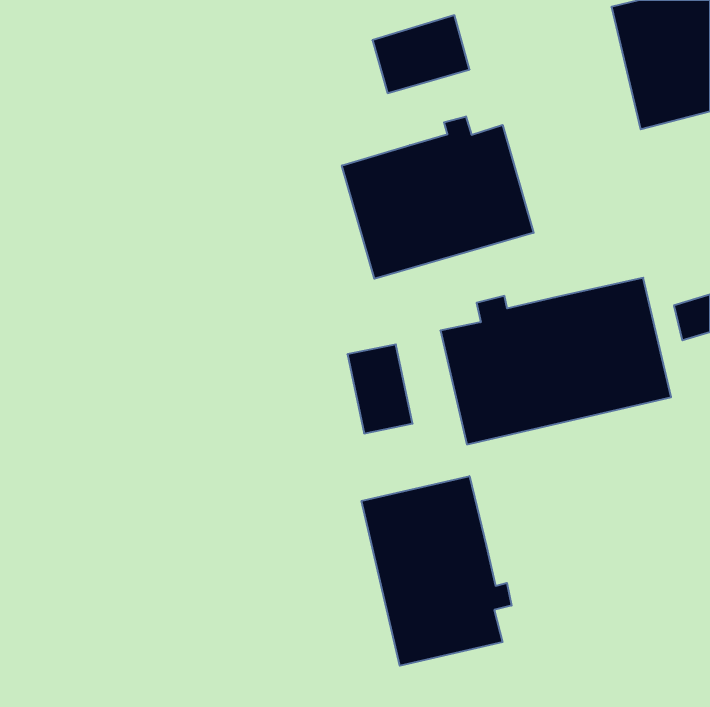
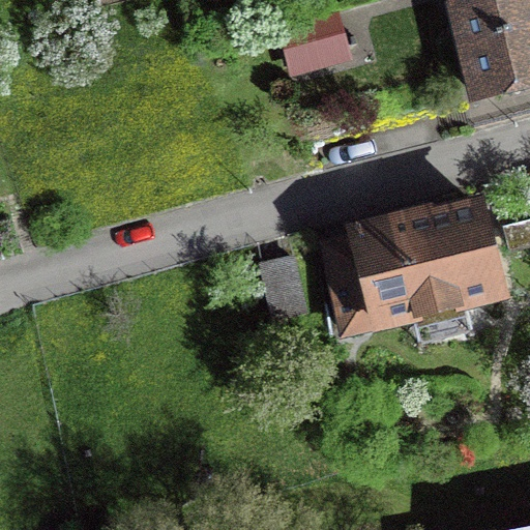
building: [342,116,534,279] -> none
building: [362,476,512,666] -> none

